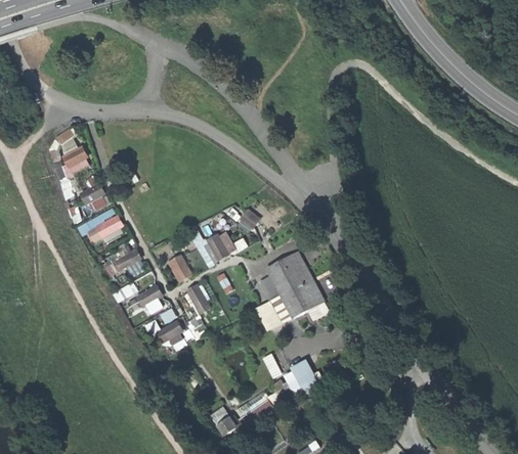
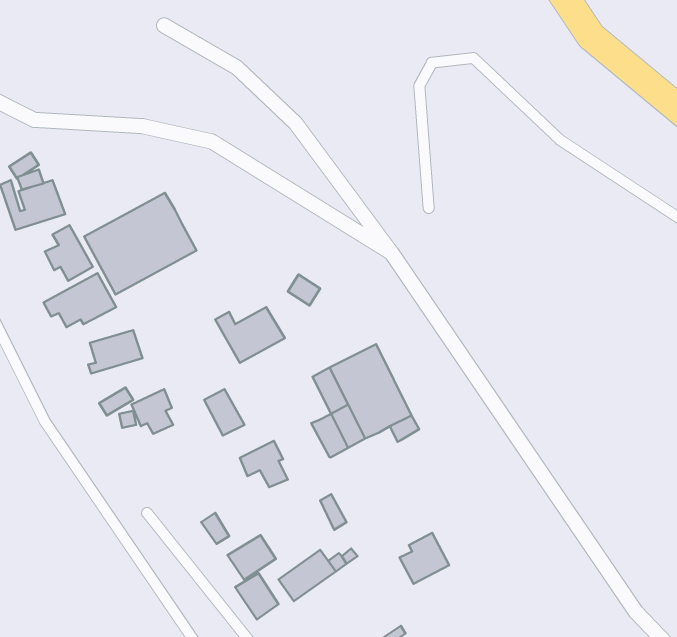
building: none -> [84,193,196,295]
building: [169,255,193,282] -> none
building: [157,320,188,351] -> [240,441,288,487]
building: [284,359,316,393] -> [400,533,449,584]
building: none -> [227,535,276,580]

